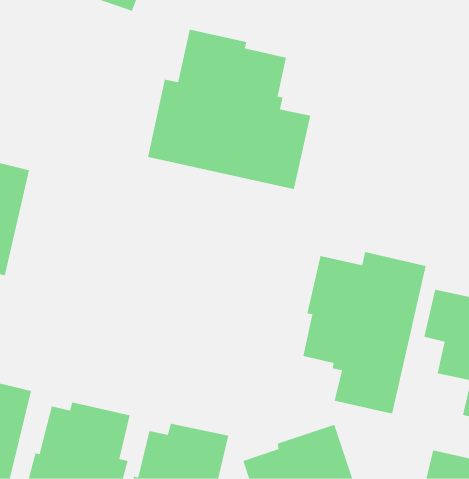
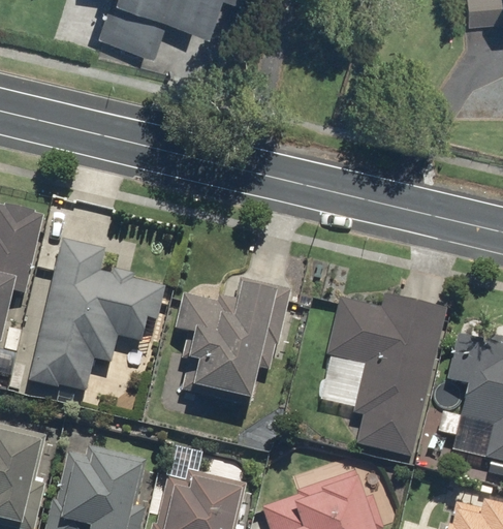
building: [147,29,311,190] -> none
building: none -> [26,239,165,398]
building: none -> [172,278,291,411]

